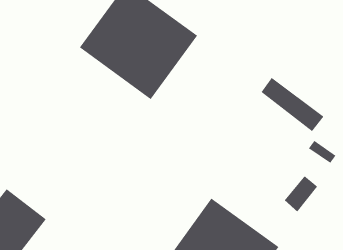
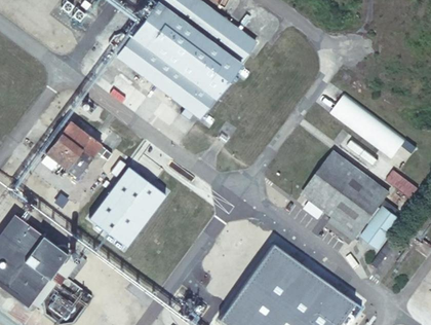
building: none -> [45,128,100,182]
building: none -> [304,156,388,239]
building: none -> [89,168,166,250]

